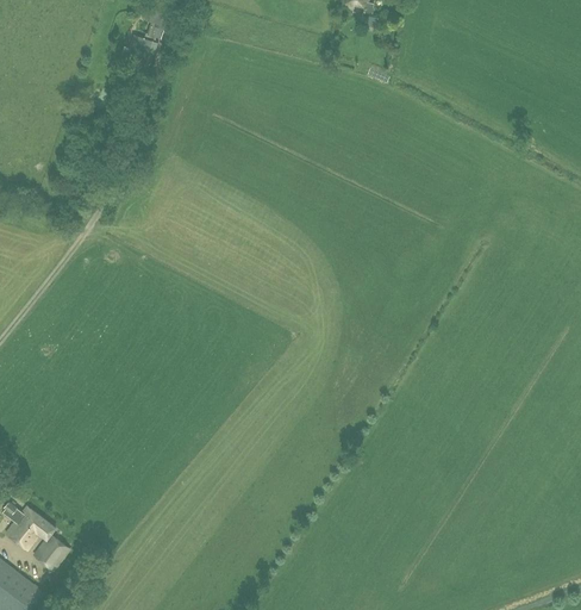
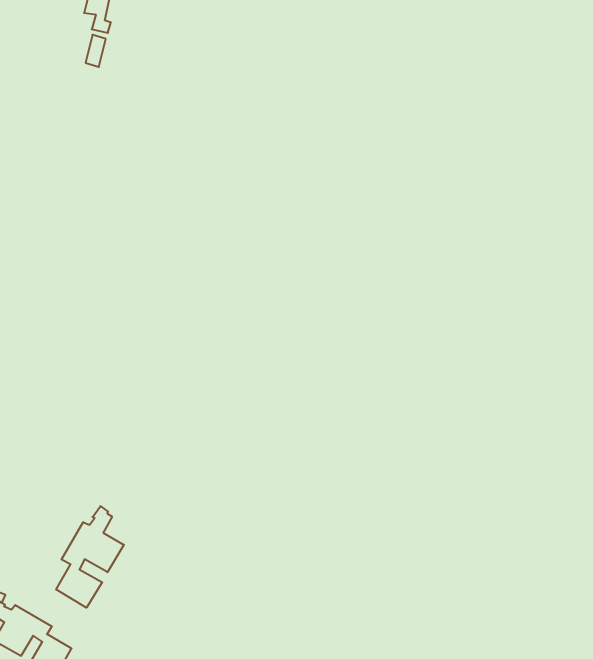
building: none -> [56,506,124,608]

